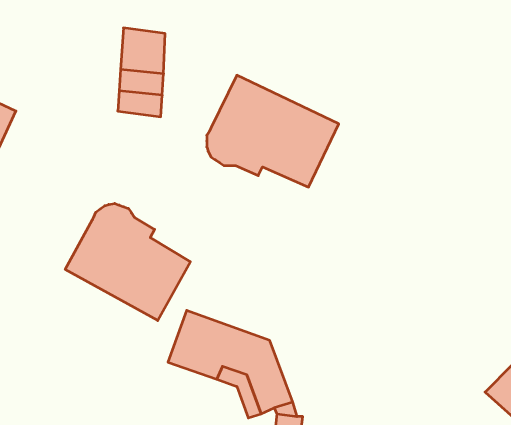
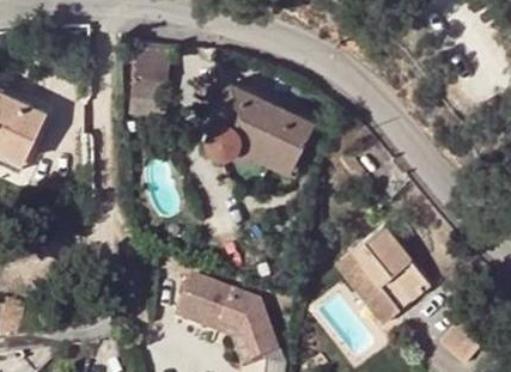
building: [65,203,190,321] -> none
building: none -> [334,222,431,323]

